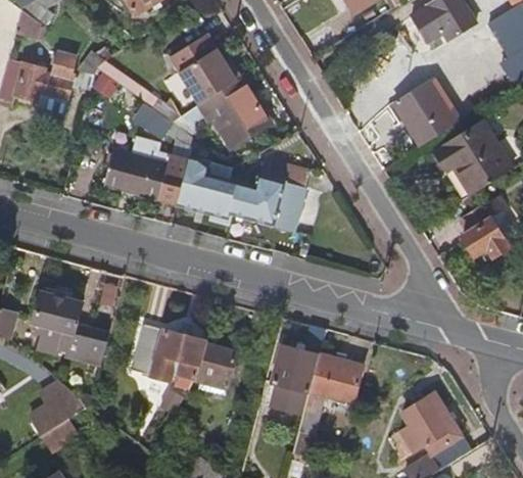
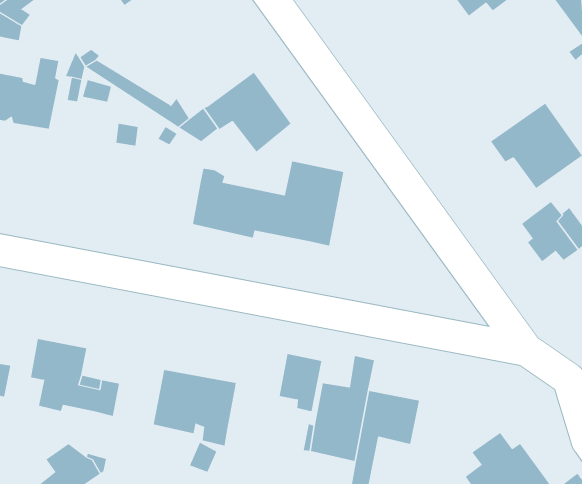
building: [170,34,239,104] -> none
building: [392,81,454,145] -> none
building: [103,150,190,203] -> none
building: [196,344,235,395] -> [279,353,322,412]

